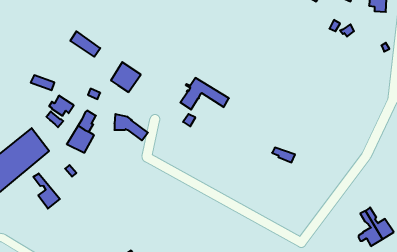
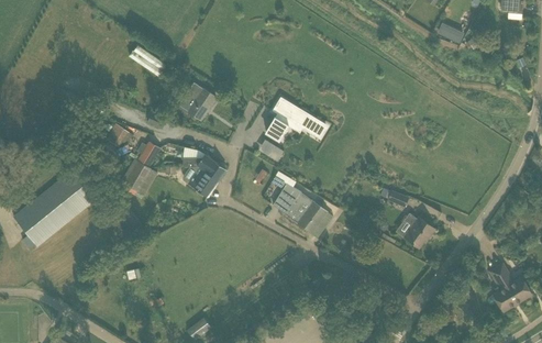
building: none -> [182,165,217,196]
building: none -> [270,173,332,237]
building: none -> [402,217,434,247]
building: [33,173,60,209] -> none

